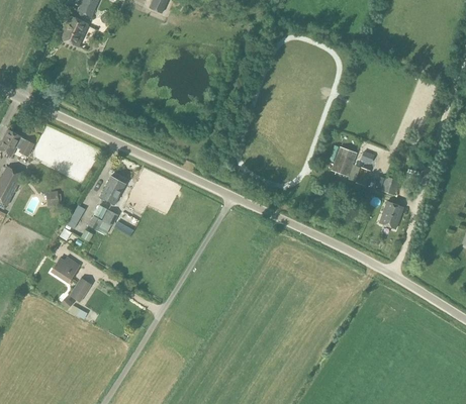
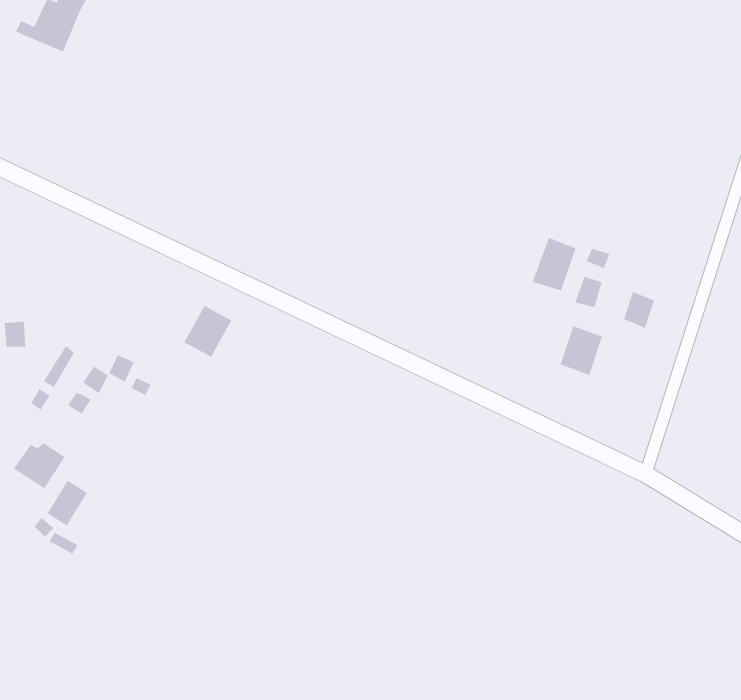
building: [99,177,125,205] -> [184,305,232,358]
building: [379,202,402,229] -> [560,325,603,376]

